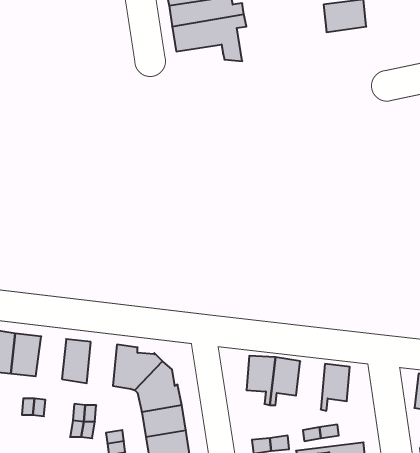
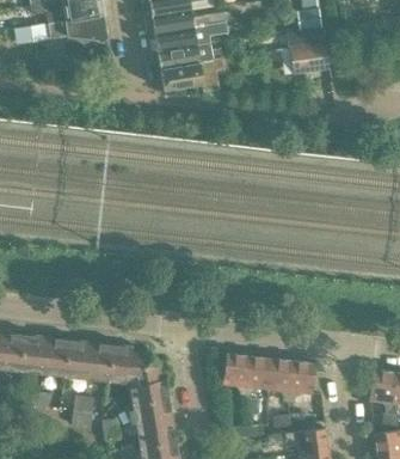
building: none -> [41,337,67,374]
building: none -> [85,342,111,380]
building: none -> [266,359,291,400]

